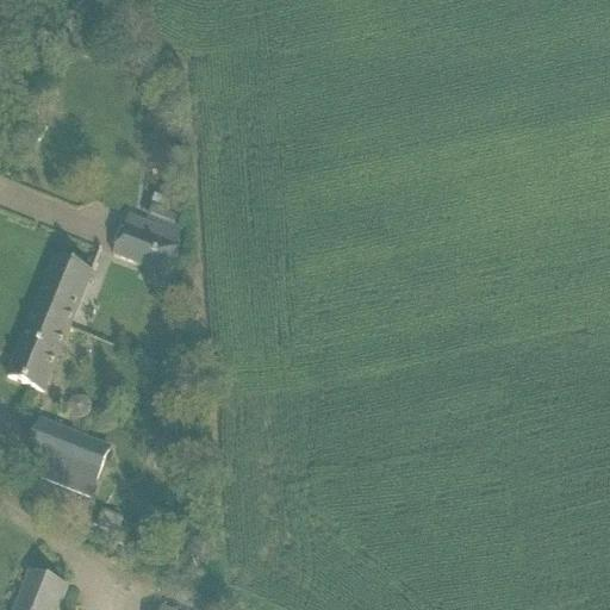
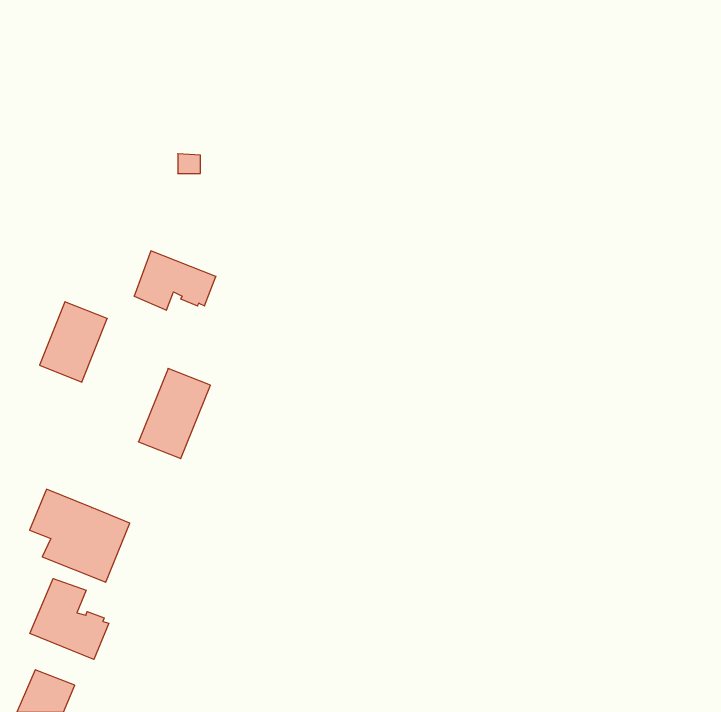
building: [8,309,69,385] -> [138,368,210,459]
building: none -> [30,579,109,659]

